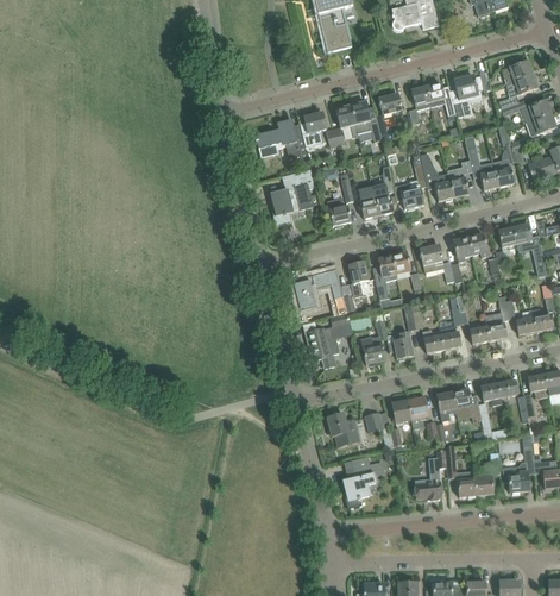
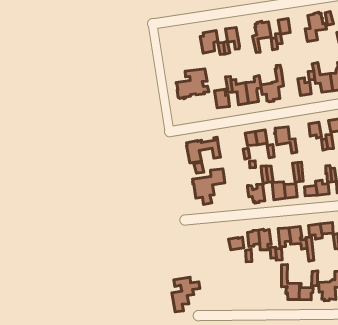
building: [426,82,455,114] -> none
building: [351,100,383,142] -> none
building: [256,119,300,158] -> none
building: [420,152,453,200] -> none
building: [451,237,472,283] -> none
building: [344,261,369,309] -> none
building: [357,319,386,365] -> none
building: [327,413,359,445] -> none
building: [414,450,446,500] -> none
building: [344,456,384,508] -> [172,277,200,312]

